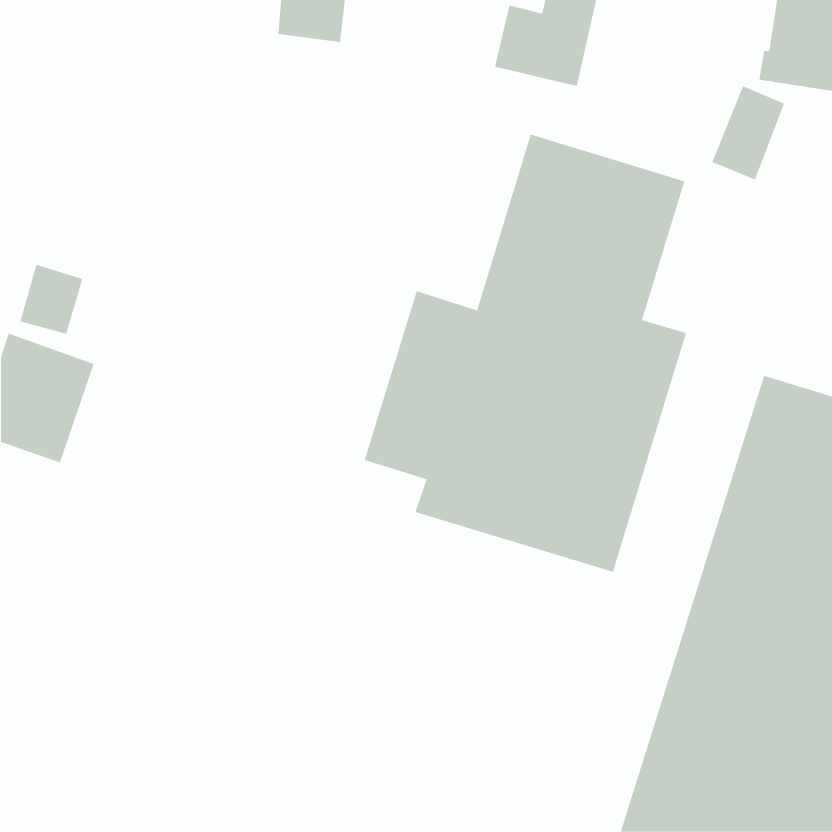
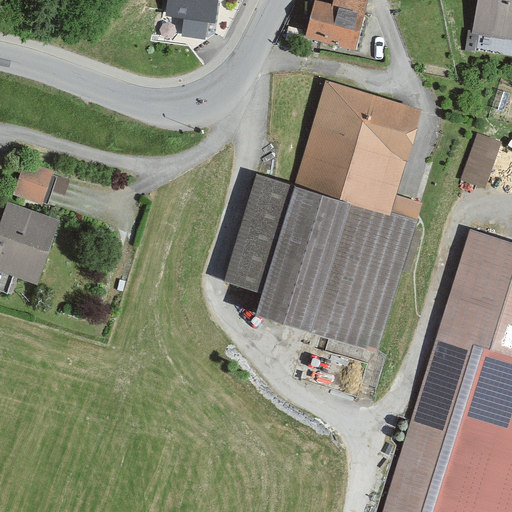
building: [712,86,785,180] -> [462,125,507,183]

